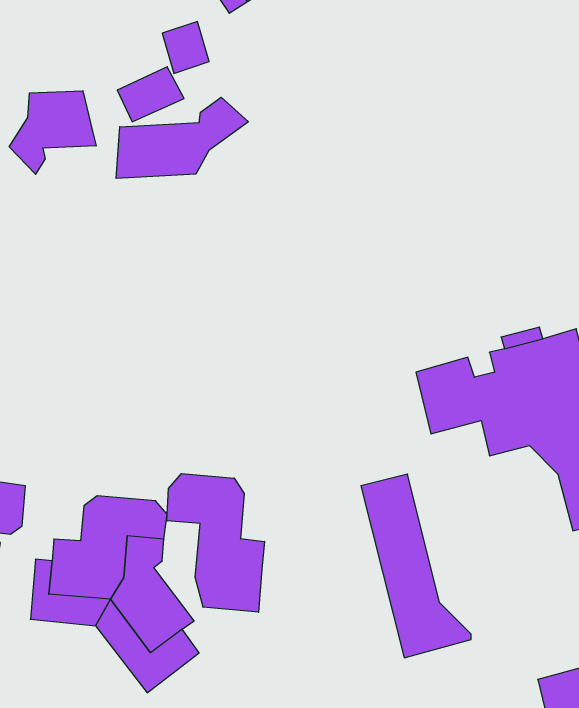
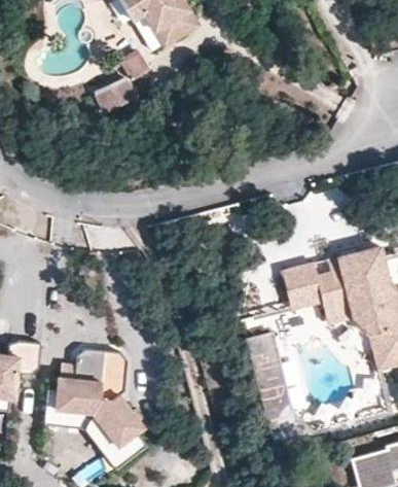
building: [9,91,96,174] -> none
building: [116,97,248,178] -> none
building: [167,474,264,612] -> none

